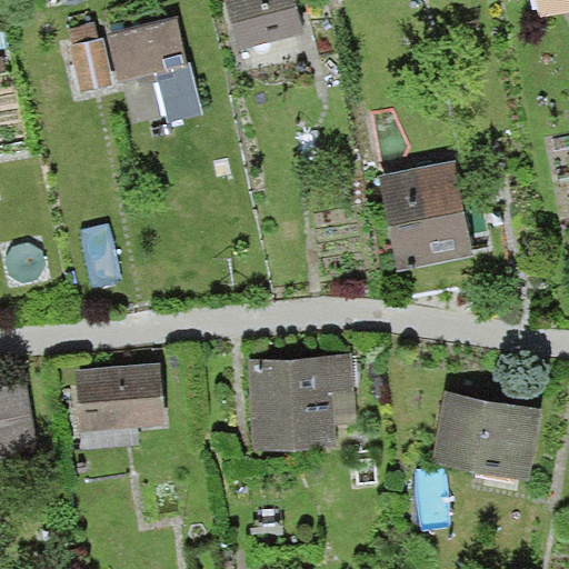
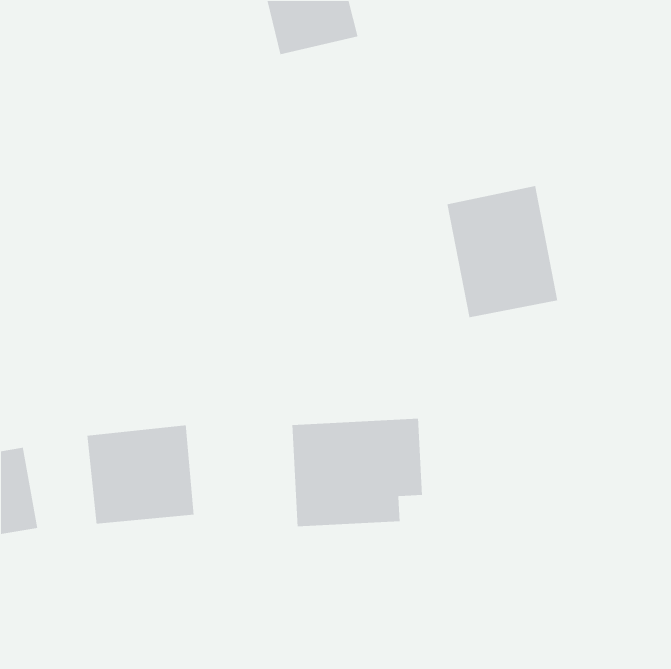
building: [107,19,200,126] -> none
building: [431,390,539,478] -> none

